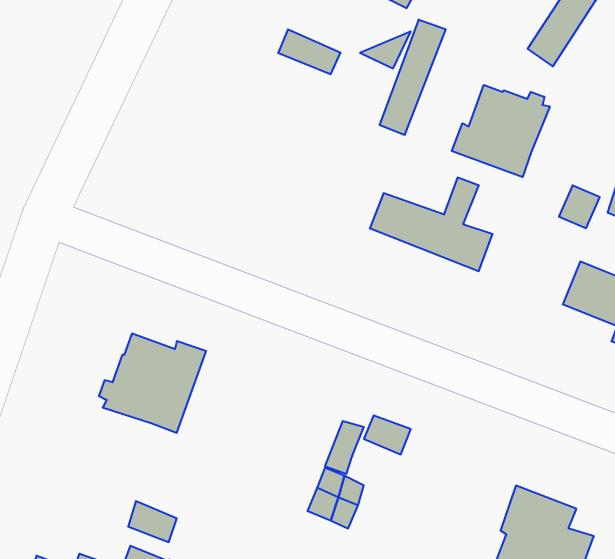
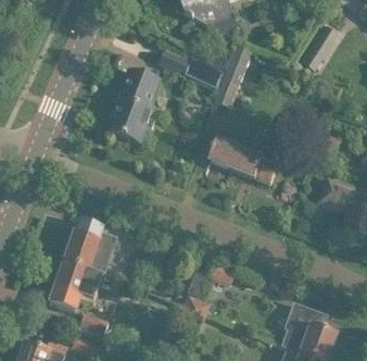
building: none -> [113,70,160,142]
building: [452,85,550,177] -> none
building: none -> [52,260,103,311]

